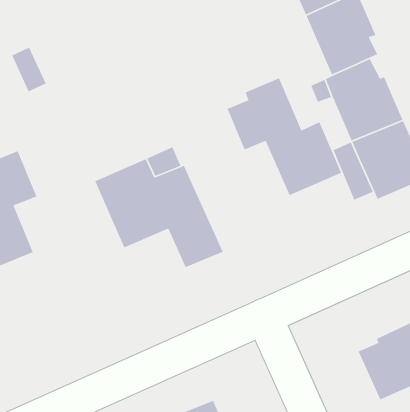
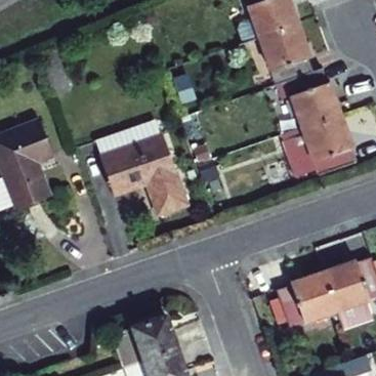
building: [227,77,342,196] -> none

